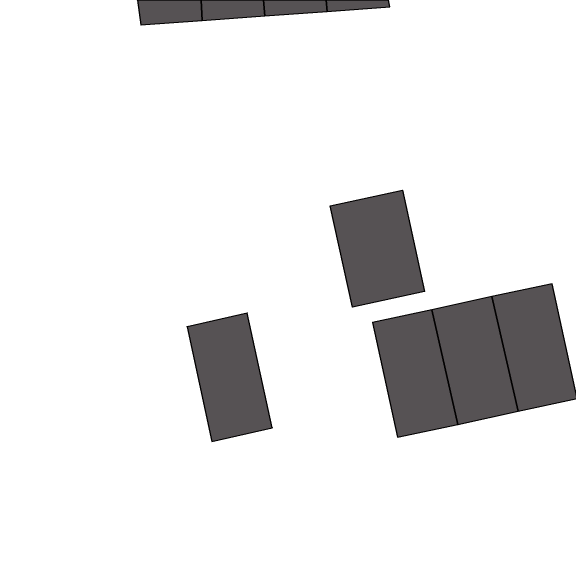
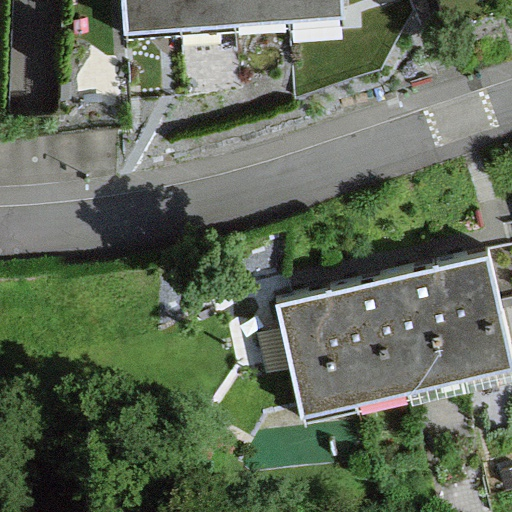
building: [330,190,425,307] -> none
building: [187,313,272,441] -> [279,293,354,406]

